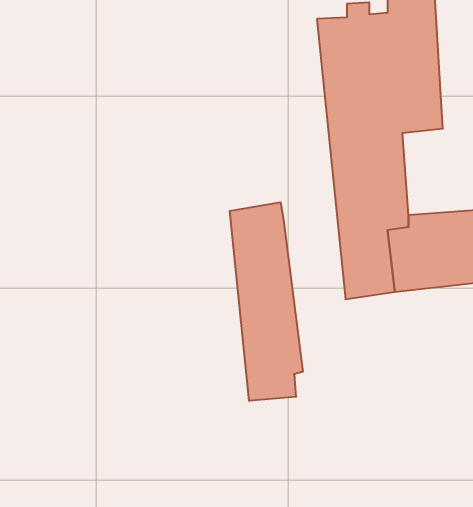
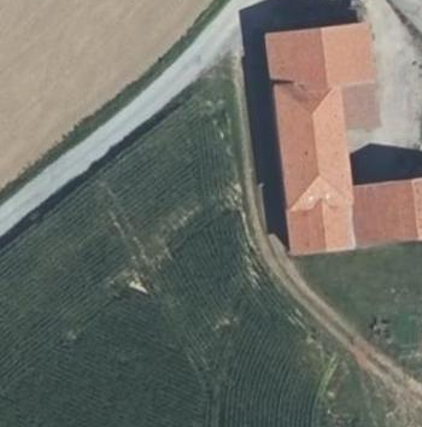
building: [230,202,303,401] -> none

